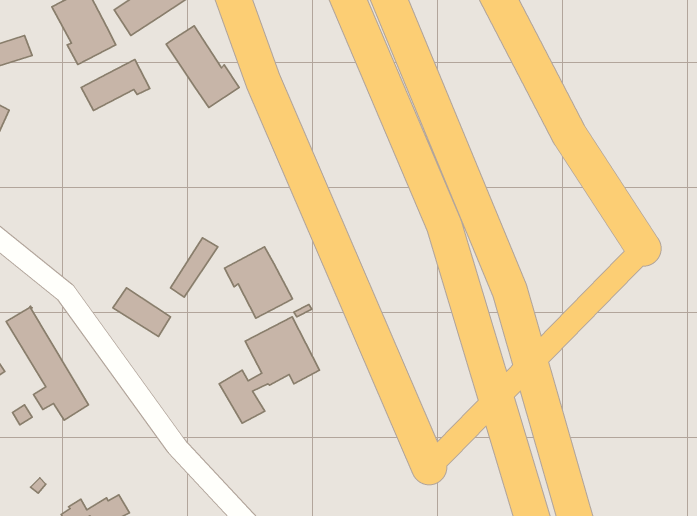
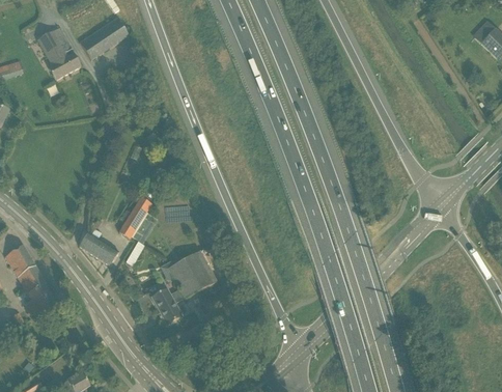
building: [166,26,239,108] -> none
building: [81,59,150,111] -> none
building: [225,247,293,318] -> none

